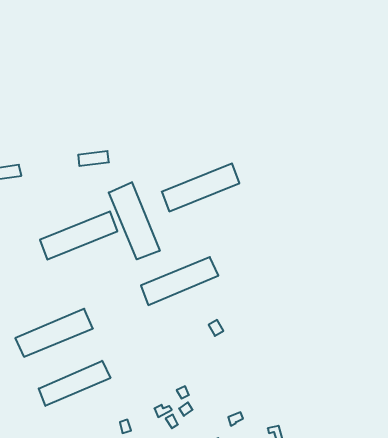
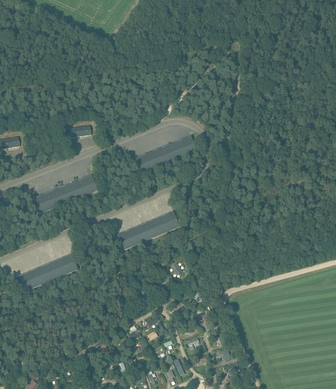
building: [109,182,160,259] -> none
building: [39,361,110,406] -> none

